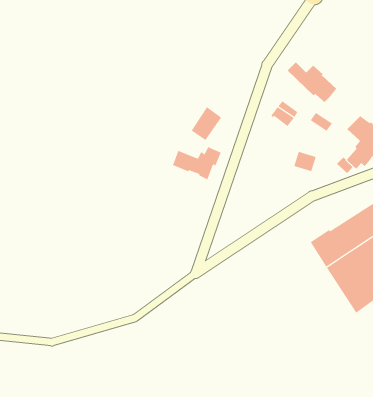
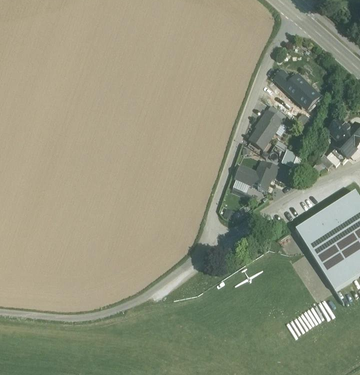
building: [191,106,222,141] -> [250,119,277,149]
building: [172,147,222,180] -> [235,162,278,191]

